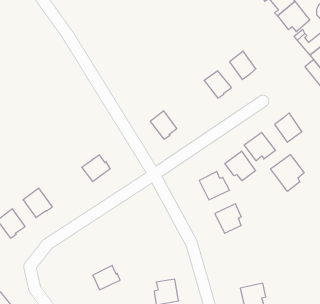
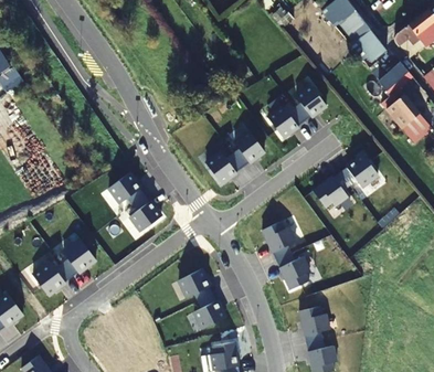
building: none -> [234,130,265,161]
building: none -> [109,172,140,203]
building: [225,151,256,181] -> none
building: [271,155,304,191] -> none
building: none -> [179,268,209,297]
building: none -> [299,306,329,334]
building: [93,265,120,290] -> [194,300,225,328]

